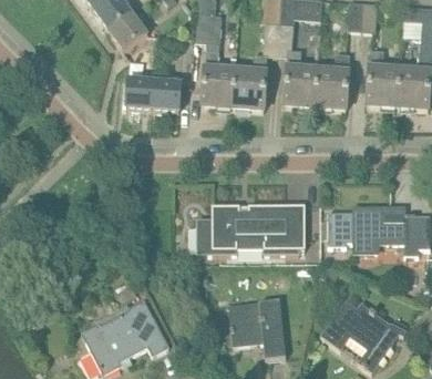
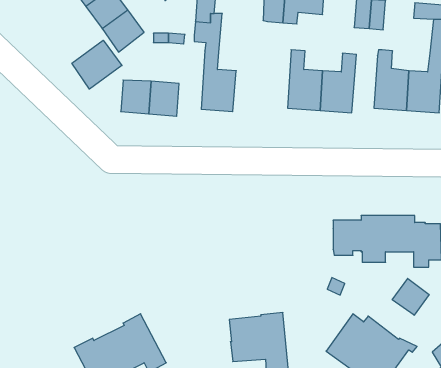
building: none -> [72,40,122,89]
building: [232,54,267,111] -> none
building: [197,205,305,255] -> none
building: none -> [392,278,429,315]

